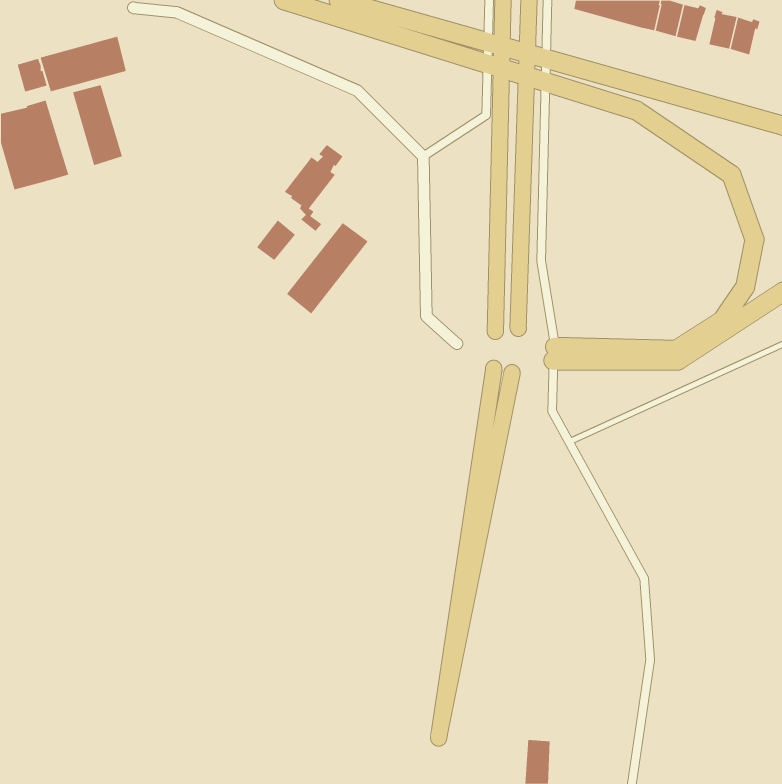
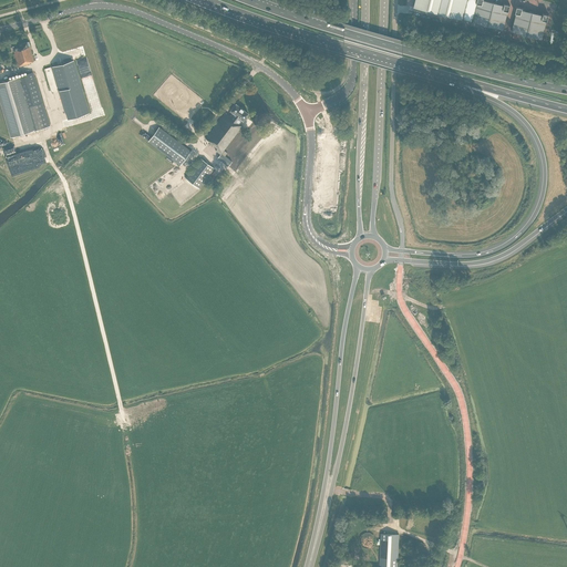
building: [40,36,127,92] -> none
building: none -> [150,127,192,166]
building: [286,222,368,315] -> none

